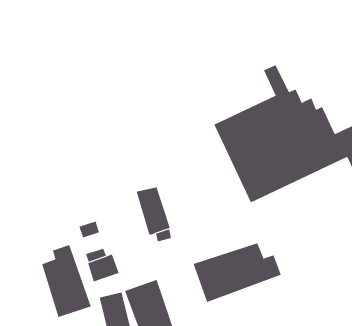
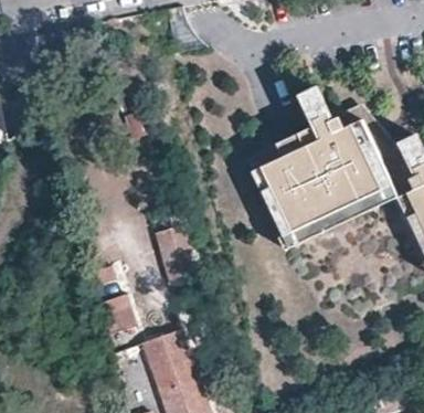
building: [193,242,281,303] -> none
building: [42,244,92,318] -> none

